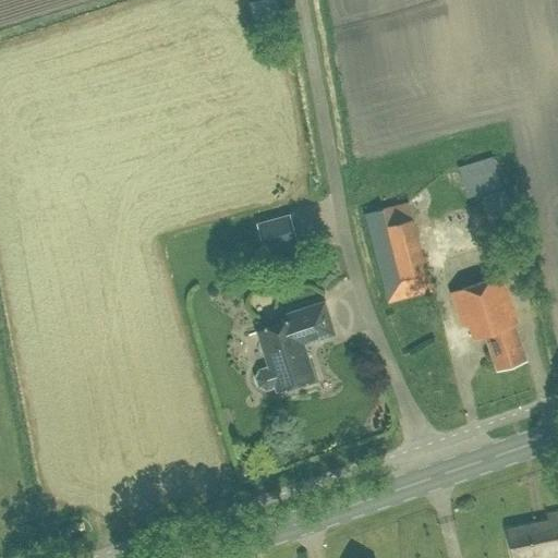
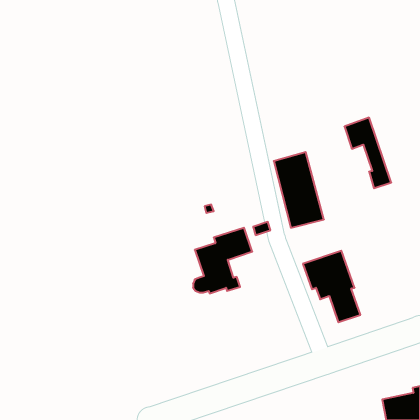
building: [260,220,295,247] -> none
building: [450,275,526,369] -> [303,251,360,322]

